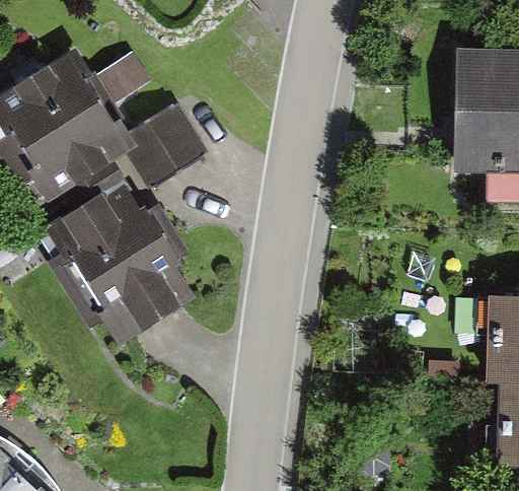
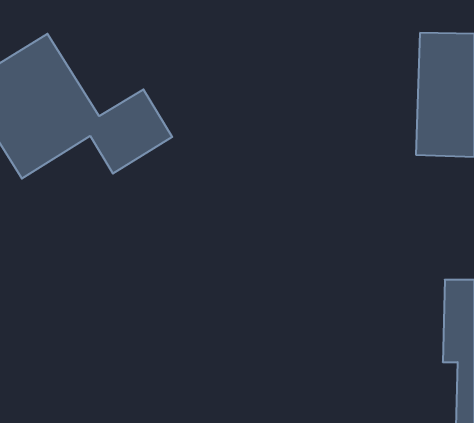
building: [48,193,187,343] -> none

